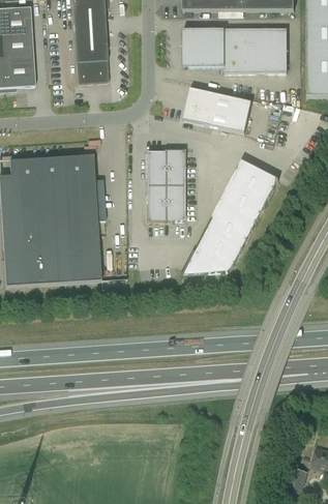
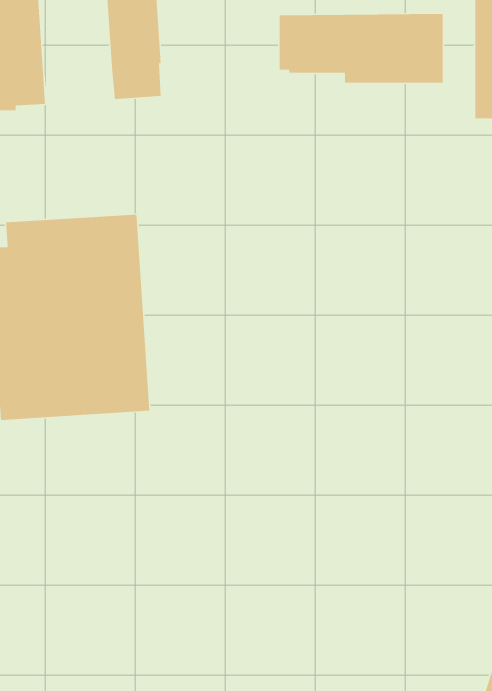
building: [183,87,251,131] -> none
building: [146,149,184,220] -> none
building: [181,158,278,273] -> none

